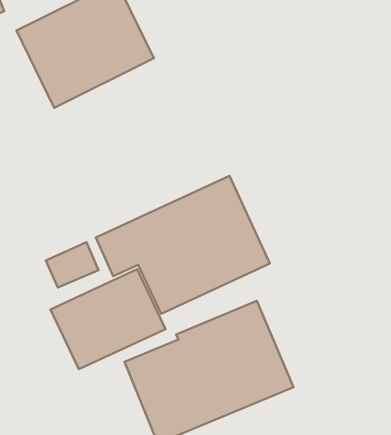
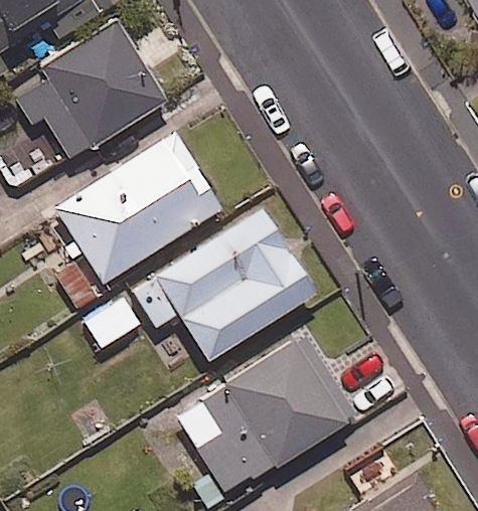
building: none -> [54,133,221,283]
building: [50,269,166,369] -> none

